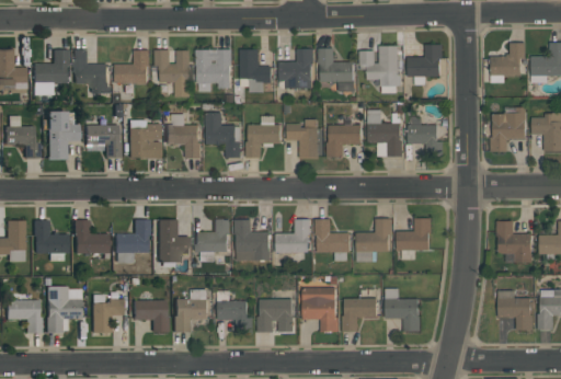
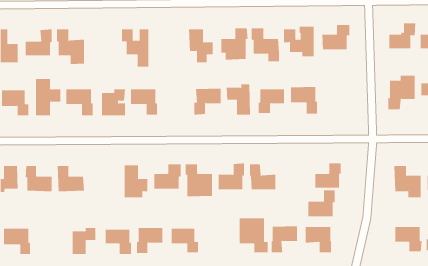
building: [195,48,231,91] -> none
building: [114,49,149,83] -> none
building: [206,112,241,157] -> none
building: [408,125,443,157] -> none
building: [356,218,391,252] -> [308,190,335,217]
building: [114,220,149,254] -> none
building: [45,287,81,333] -> none
building: [259,298,294,331] -> none

